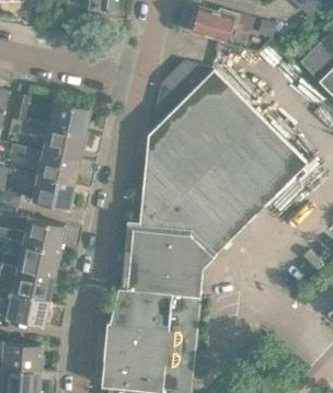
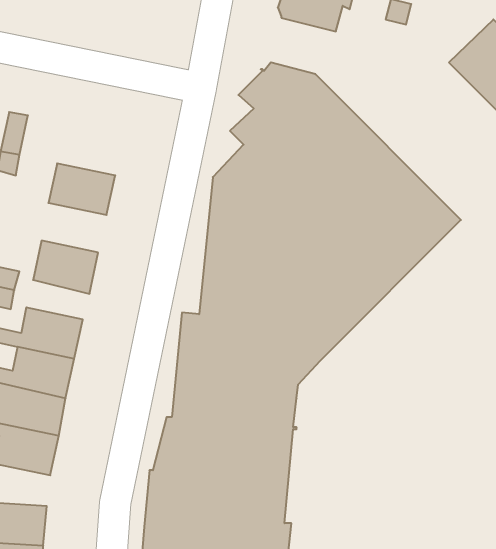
building: [48,101,91,134] -> none
building: [16,146,80,183] -> none

